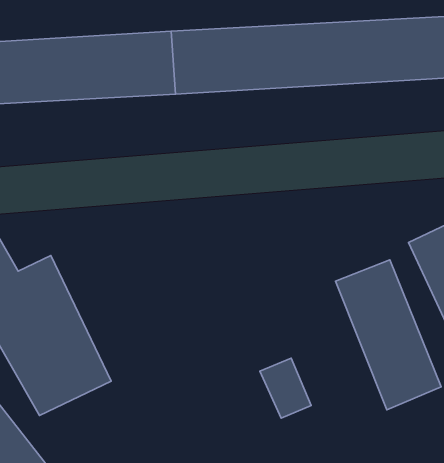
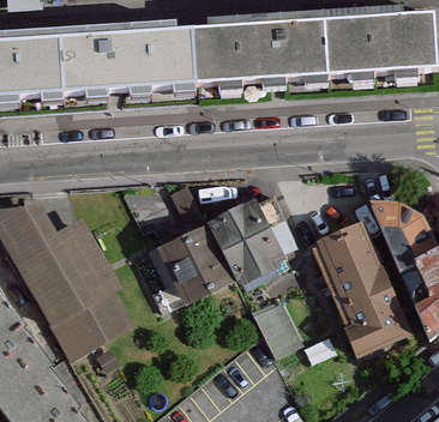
building: none -> [209,195,285,275]
building: none -> [162,225,225,294]

